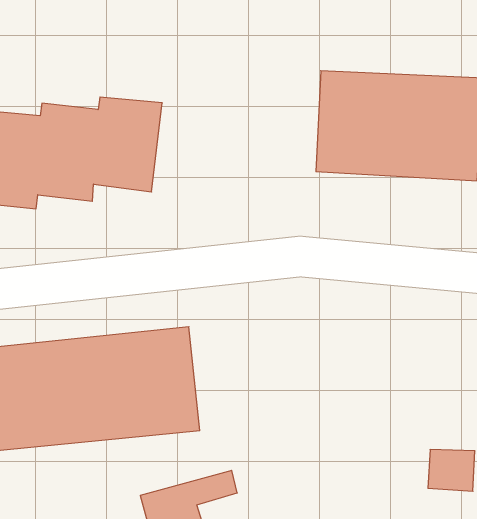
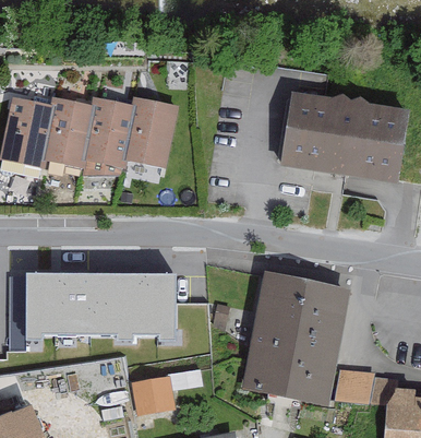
building: none -> [244,277,346,403]

